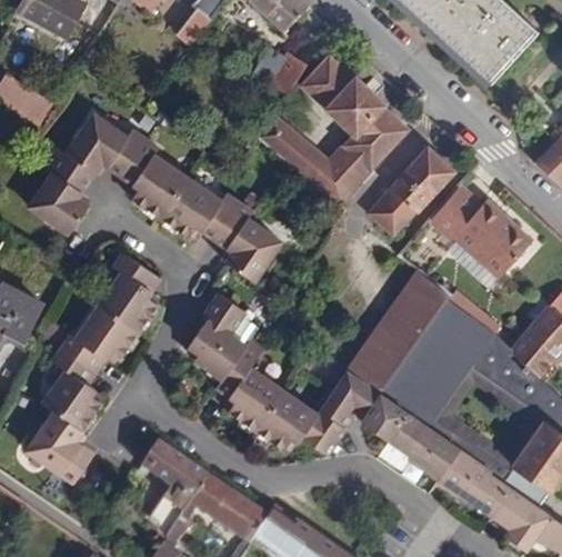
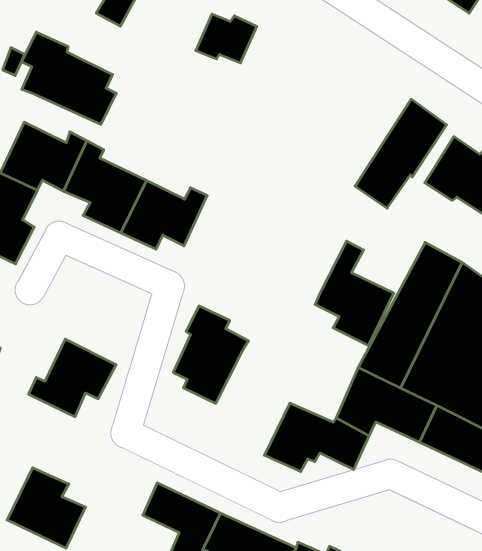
building: none -> [22,32,116,124]
building: [300,53,411,171] -> none
building: [259,112,365,206] -> none
building: [214,201,284,281] -> none
building: [100,255,162,334] -> none
building: [214,339,283,431] -> [315,241,394,345]
building: [43,347,102,429] -> none

